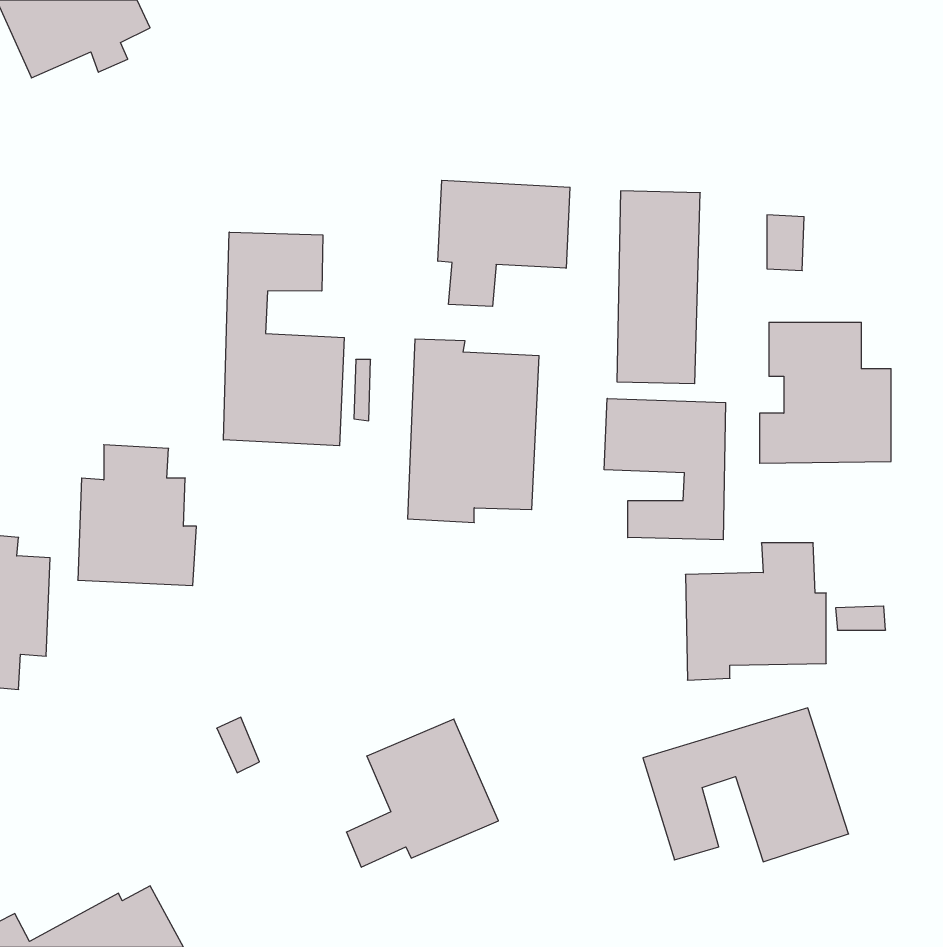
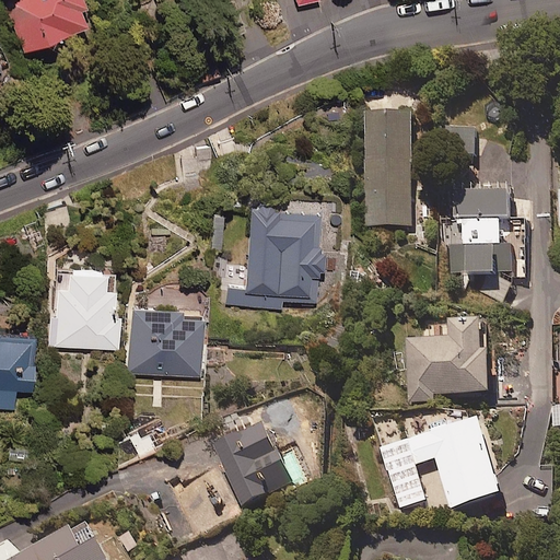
building: [438,180,570,306] -> none
building: [223,232,344,446] -> none
building: [604,398,726,540] -> none
building: none -> [124,301,199,373]

